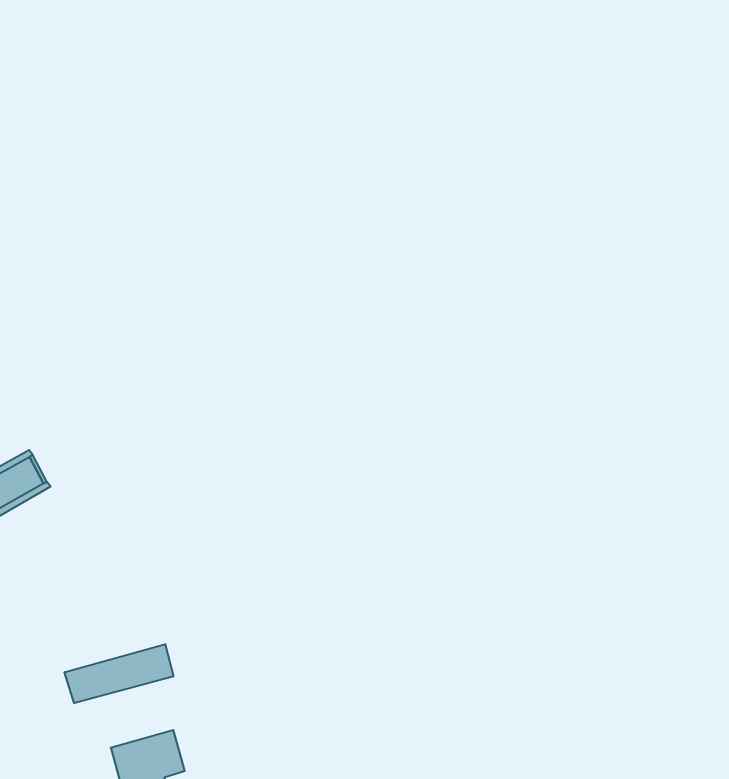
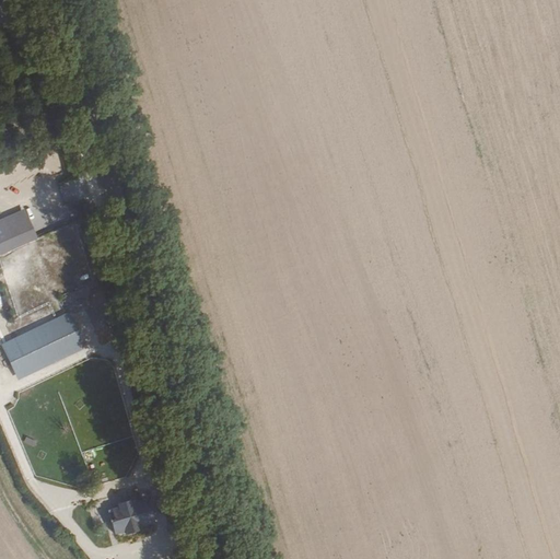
building: [65,644,173,703] -> none

